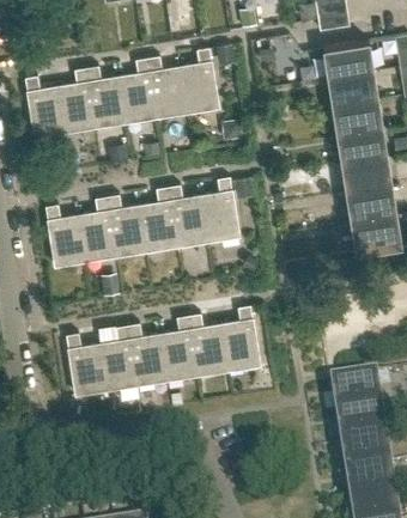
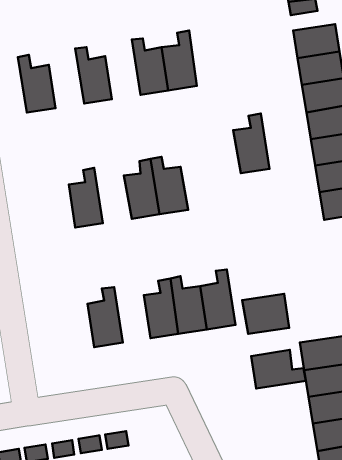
building: [120,56,158,121] -> none
building: [59,66,97,130] -> none
building: [201,176,241,240] -> [233,114,270,173]
building: [108,194,148,255] -> none
building: [45,203,87,266] -> none
building: [129,322,169,384] -> none
building: none -> [242,294,289,334]
building: [67,331,108,394] -> none
building: none -> [251,350,306,388]

